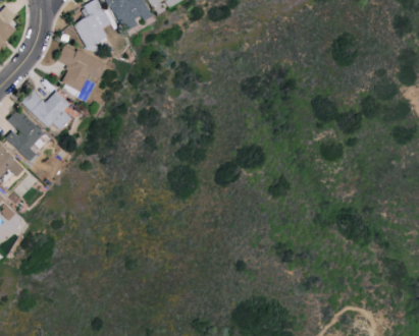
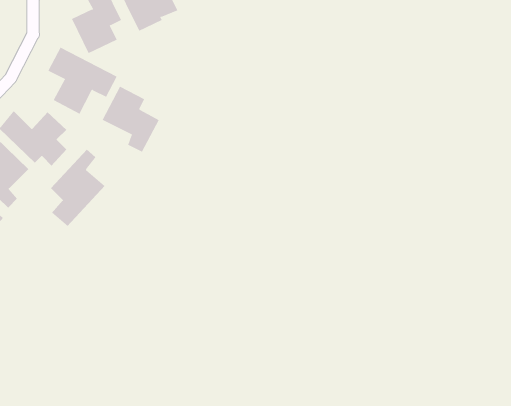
building: none -> [102,86,159,153]
building: none -> [50,149,105,227]

